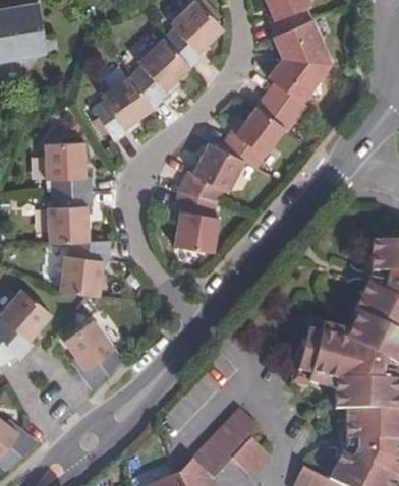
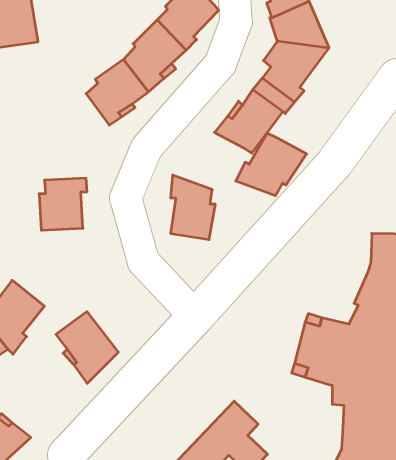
building: [177,140,246,201] -> [236,133,307,196]
building: [43,141,93,192] -> none
building: [59,238,111,295] -> none

